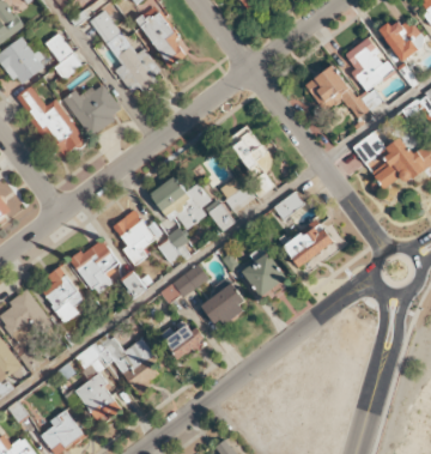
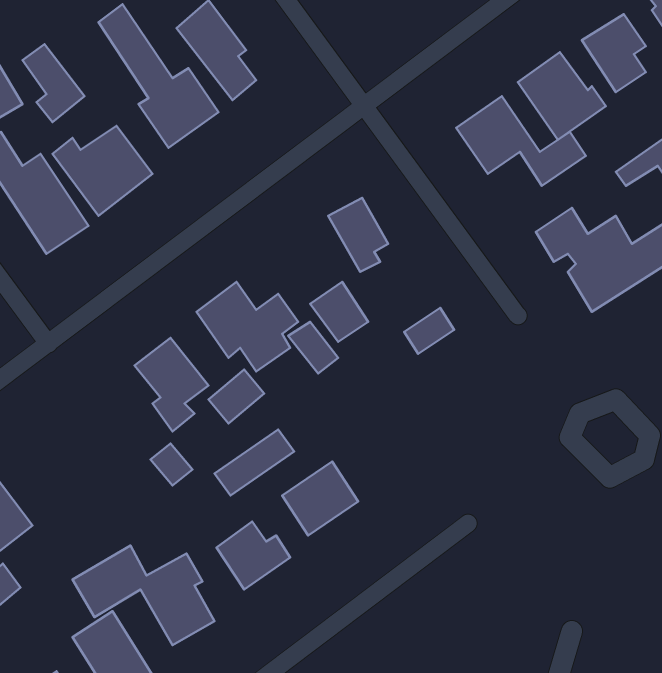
building: [283,220,333,266] -> none
building: [69,237,117,295] -> none
building: [241,252,285,296] -> none
building: [36,267,83,321] -> none

